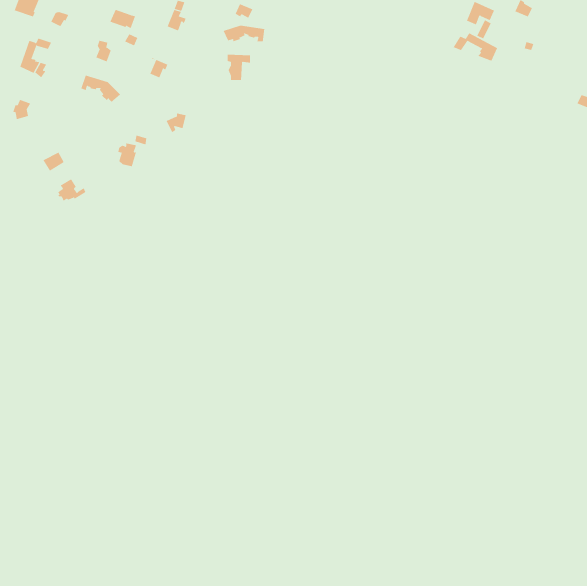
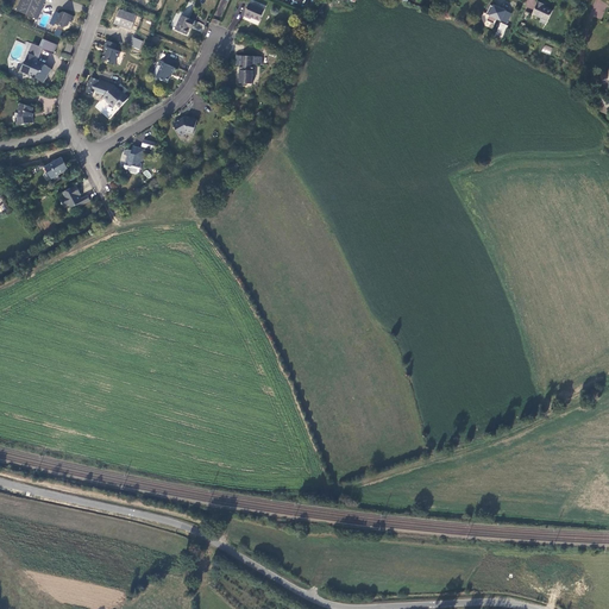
building: [223,25,265,42] -> none
building: [453,32,498,62] -> none

